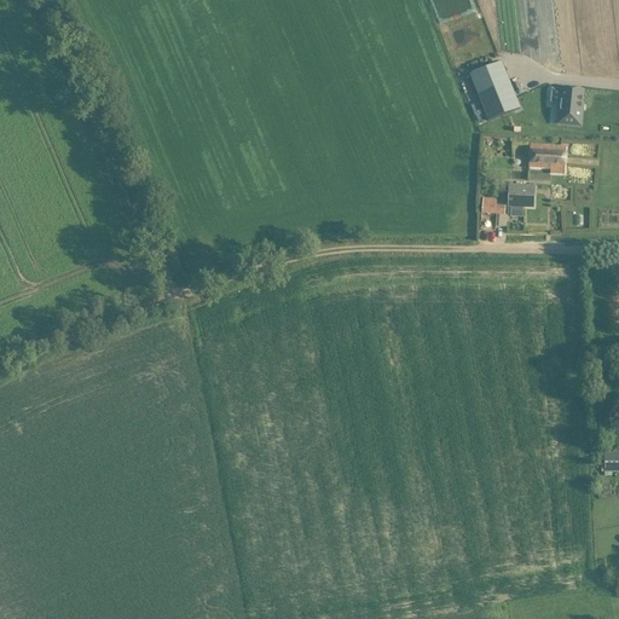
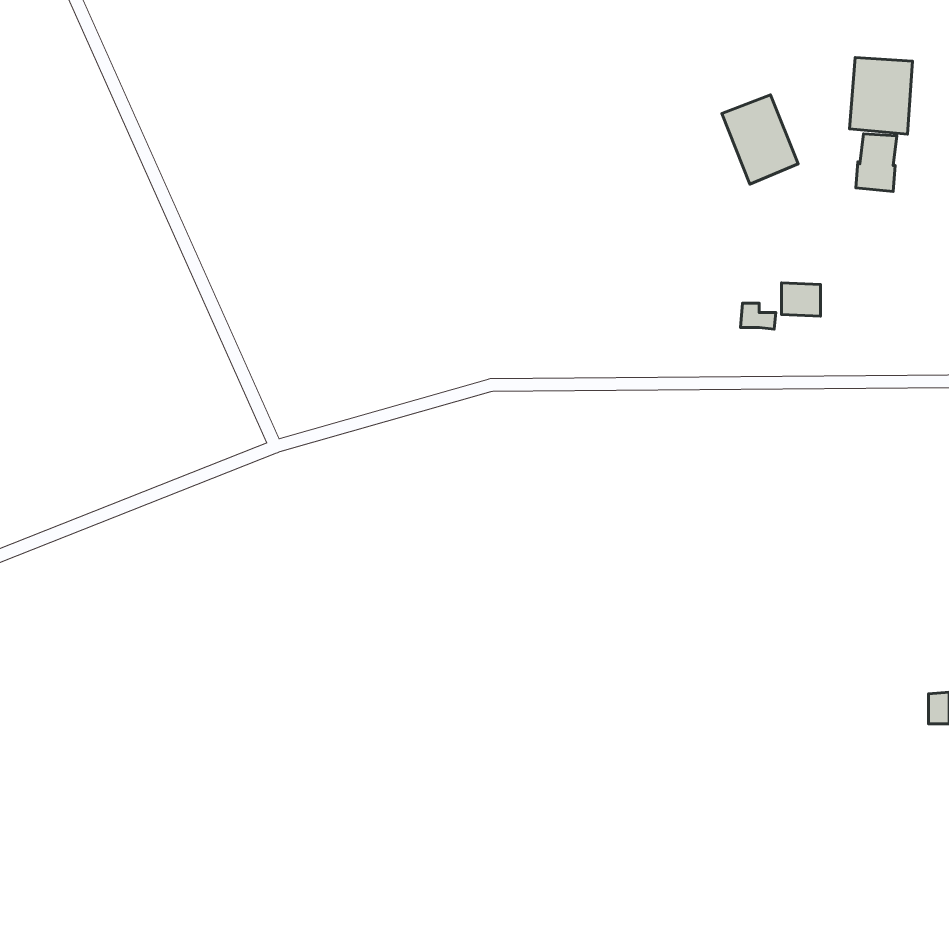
building: none -> [849,58,913,134]
building: [528,143,566,173] -> none

